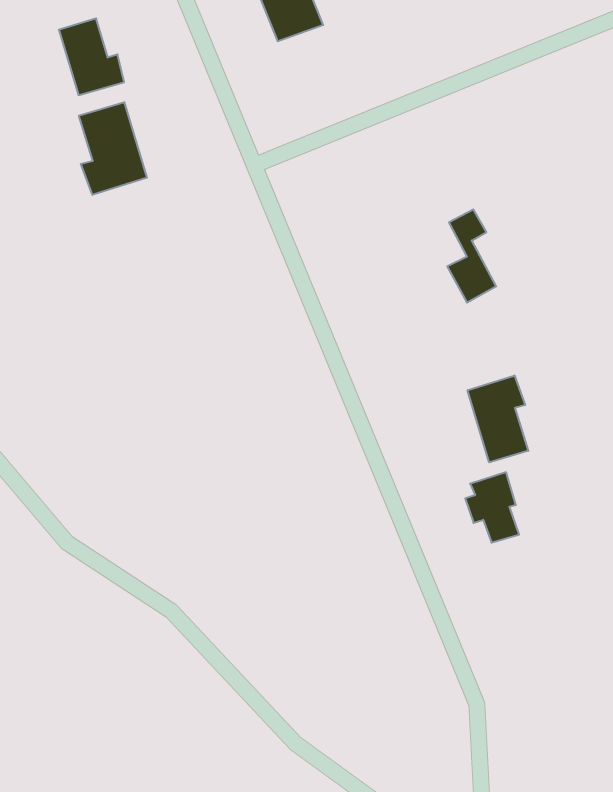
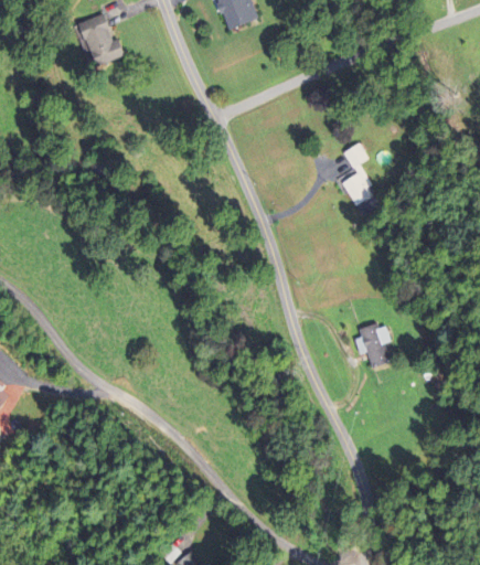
building: [79,102,147,195] -> none
building: [468,375,528,462] -> none

